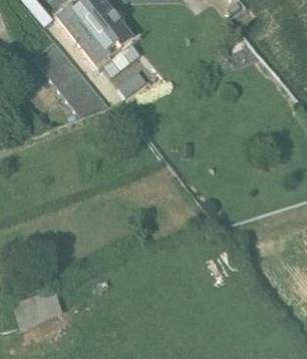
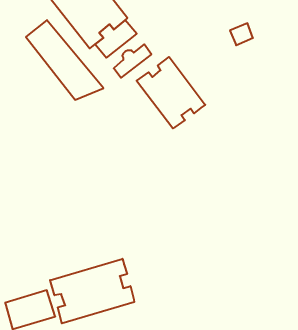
building: none -> [137,57,205,128]
building: none -> [50,259,134,323]

